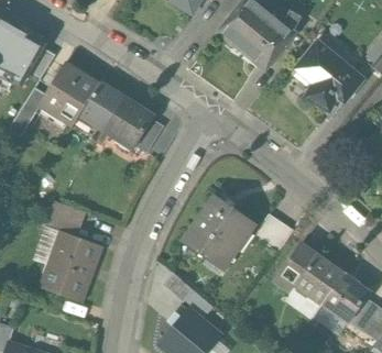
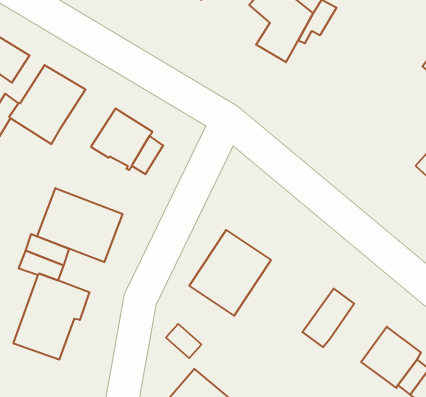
building: [299,42,351,108] -> none
building: [79,82,123,129] -> none
building: none -> [37,188,122,262]
building: [296,255,342,302] -> none

